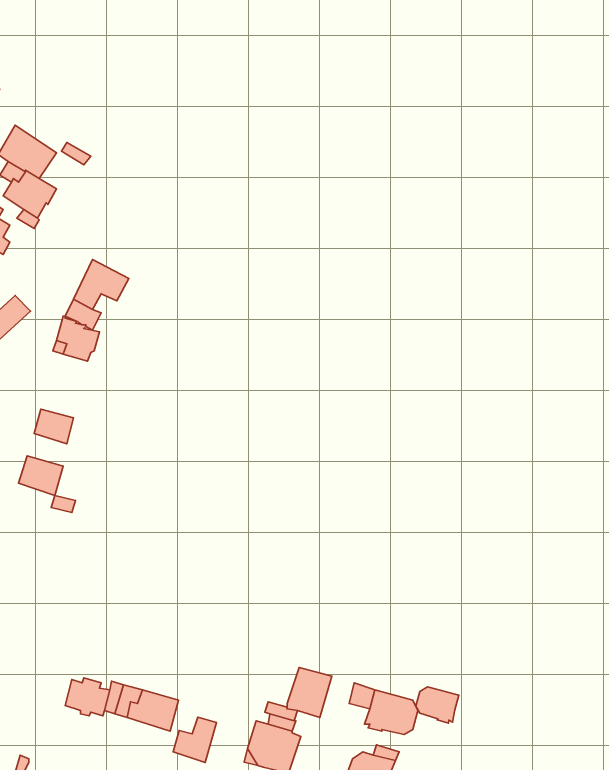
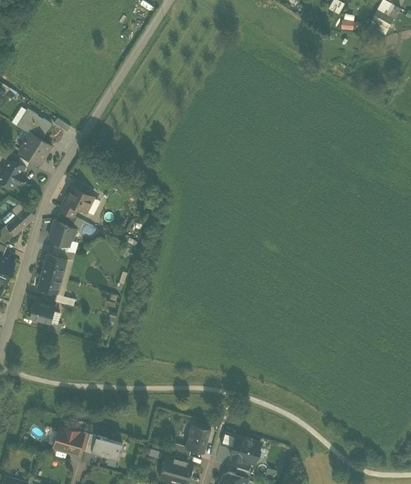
building: none -> [42,253,67,278]
building: [416,687,459,723] -> none
building: [173,717,217,763] -> none

